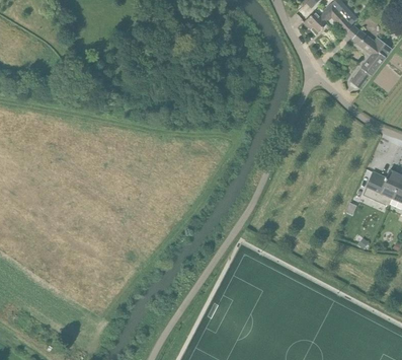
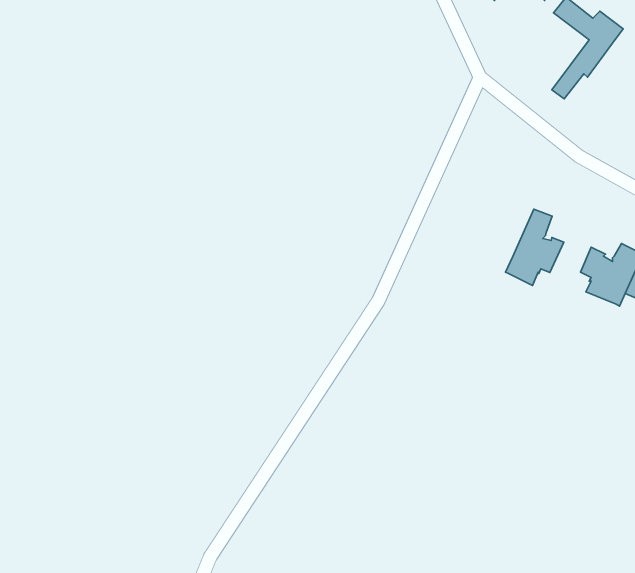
building: none -> [506,209,564,286]

